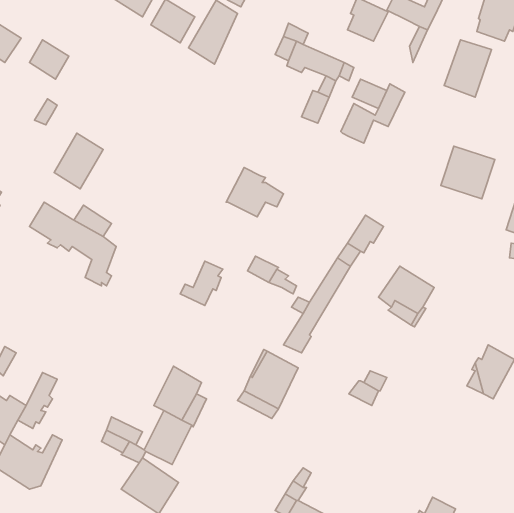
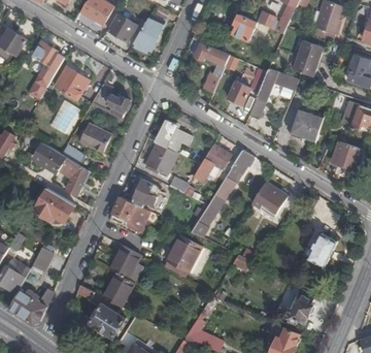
building: none -> [54,66,89,100]
building: none -> [247,68,280,119]
building: none -> [90,83,130,118]
building: none -> [78,123,109,152]
building: none -> [145,142,176,176]
building: none -> [193,145,230,180]
building: none -> [33,188,75,223]
building: none -> [109,197,148,231]
building: none -> [284,290,313,325]

